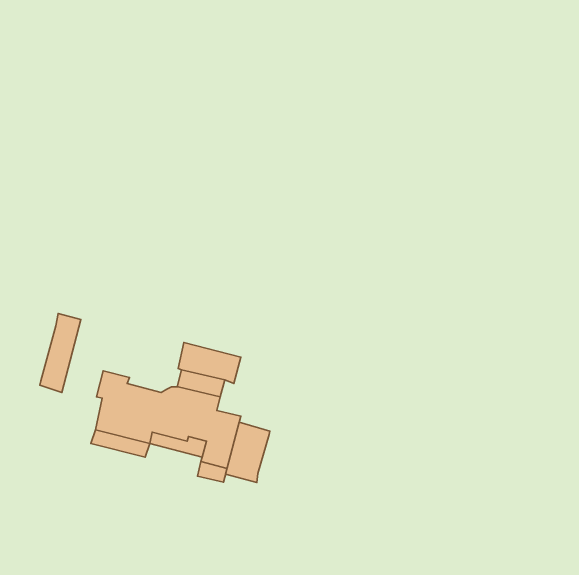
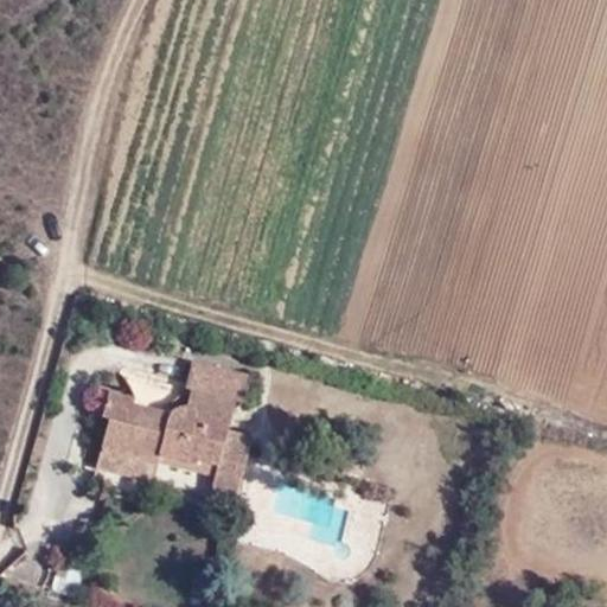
building: [40,314,81,392] -> none
building: [226,422,270,482] -> none

